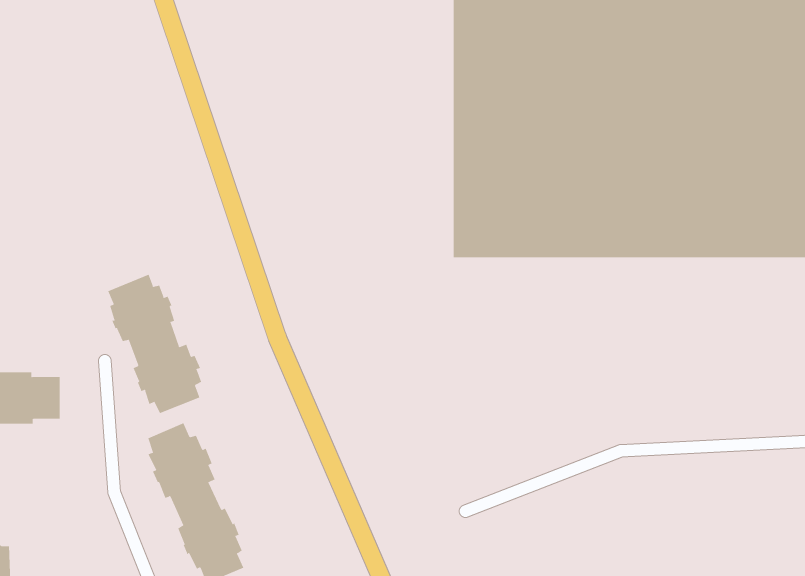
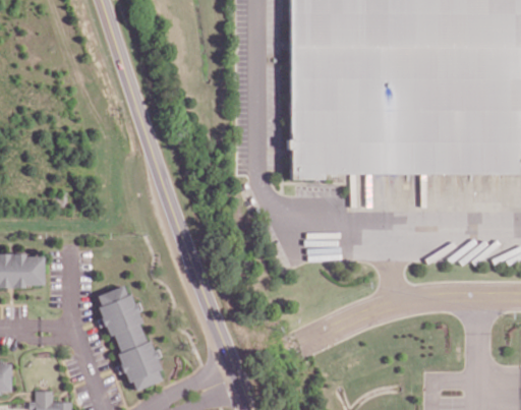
building: [107,274,202,414] -> none

